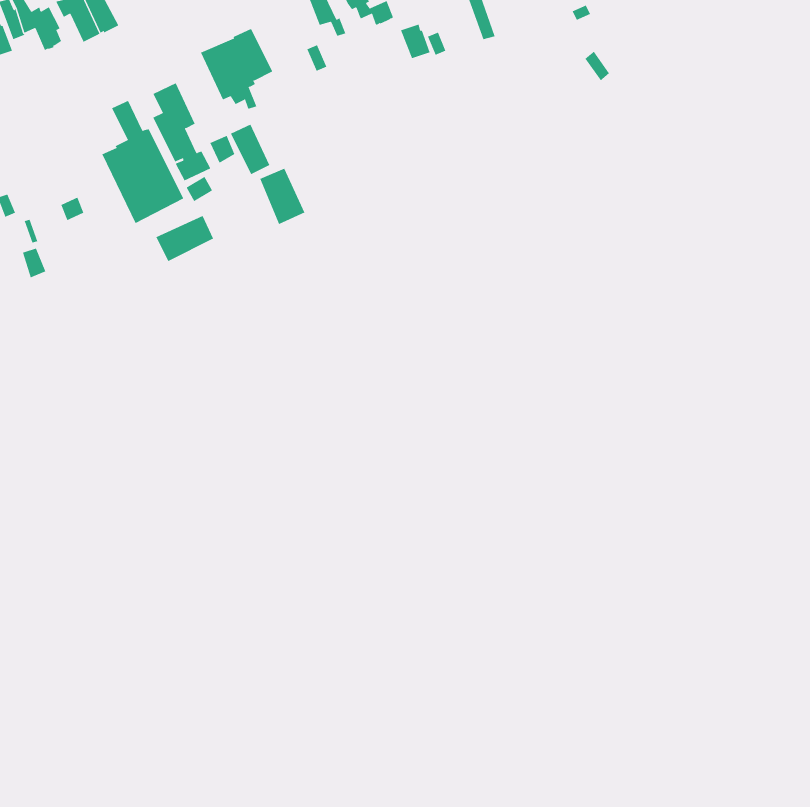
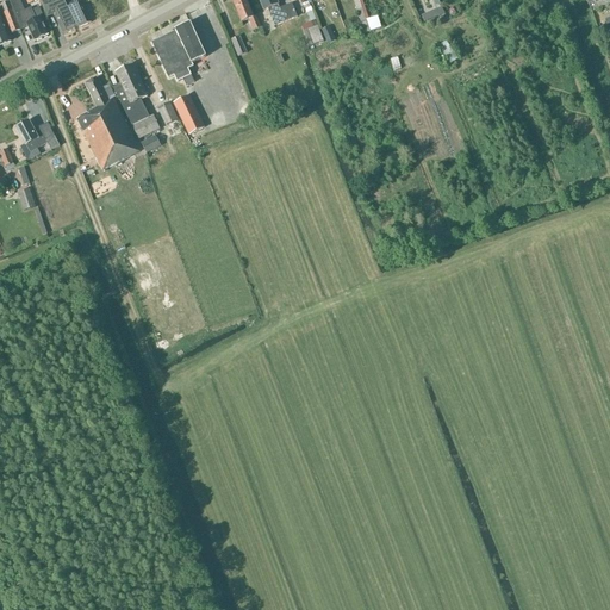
building: none -> [15,118,58,150]
building: [259,168,305,225] -> none
building: [156,215,214,262] -> none

